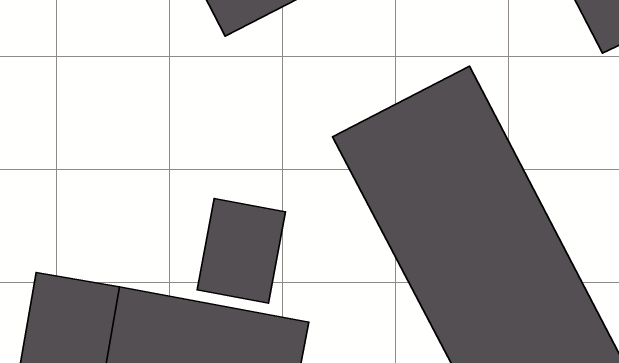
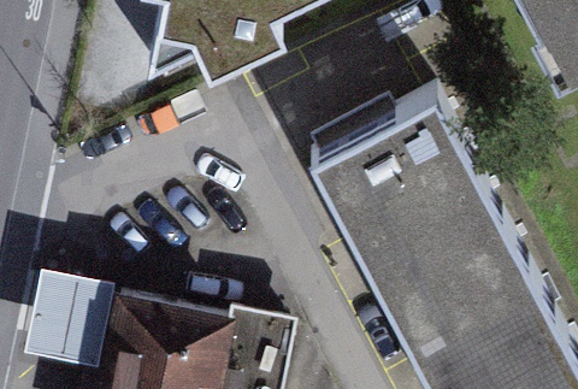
building: [197,199,285,303] -> none

